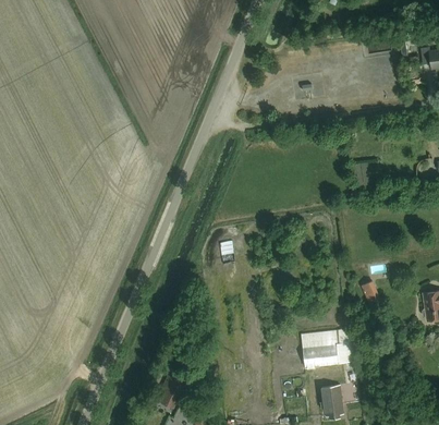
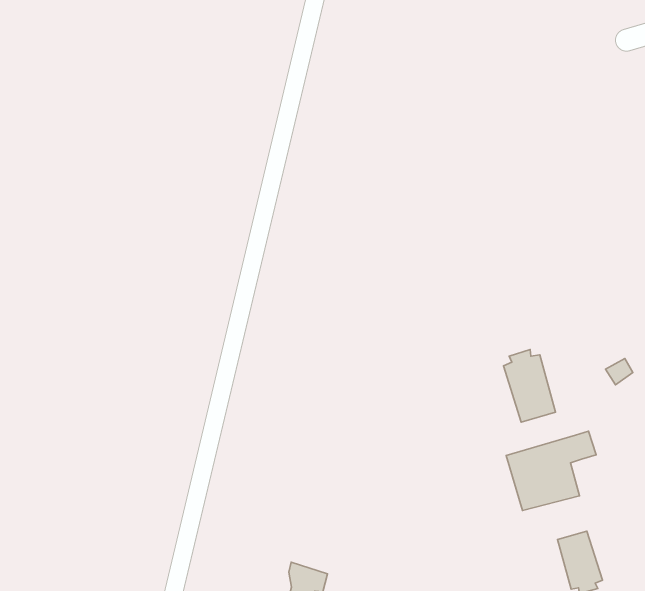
building: none -> [504,349,555,422]

